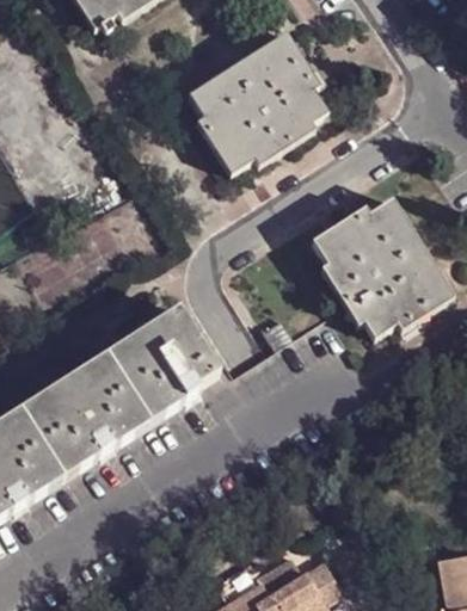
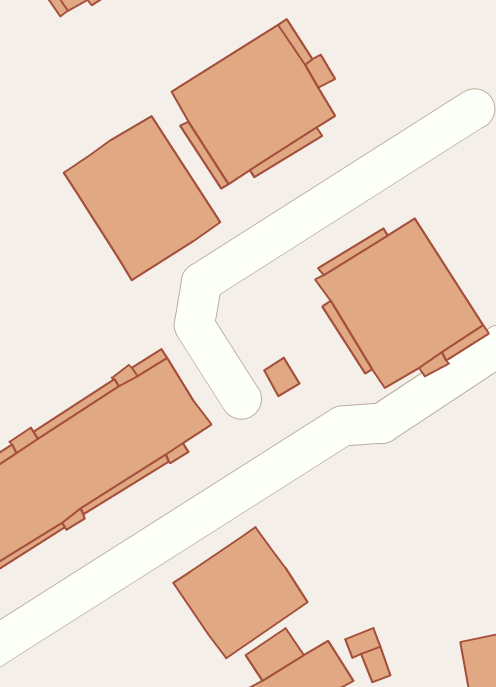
building: none -> [64,116,220,280]
building: none -> [173,527,307,658]

